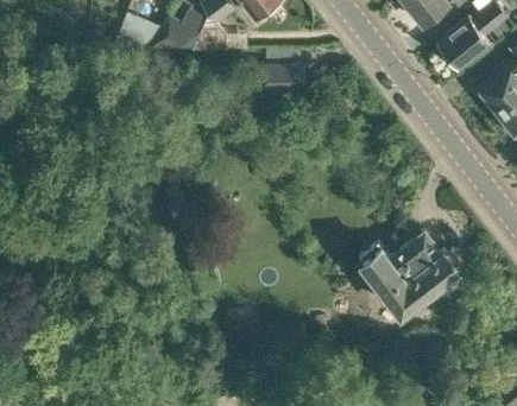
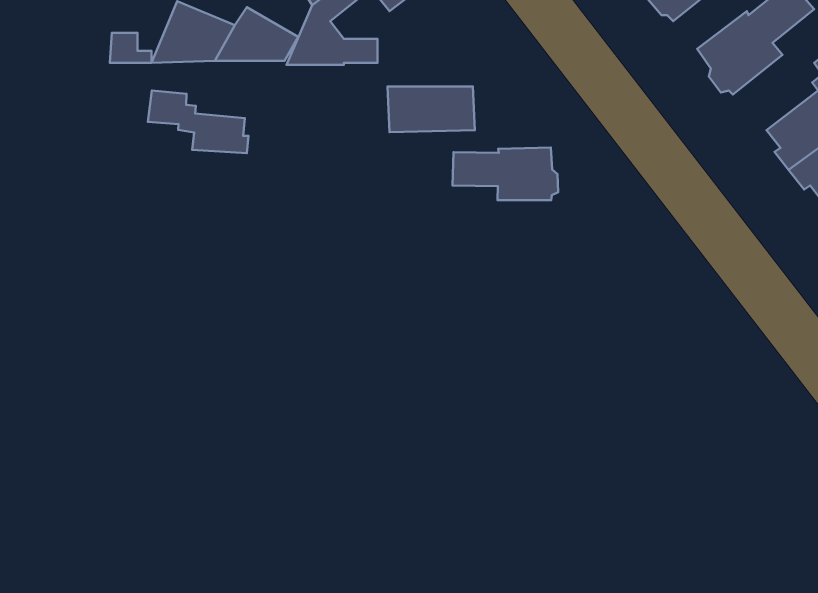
building: none -> [148,90,249,153]
building: none -> [453,148,558,200]
building: [359,229,461,313] -> none

